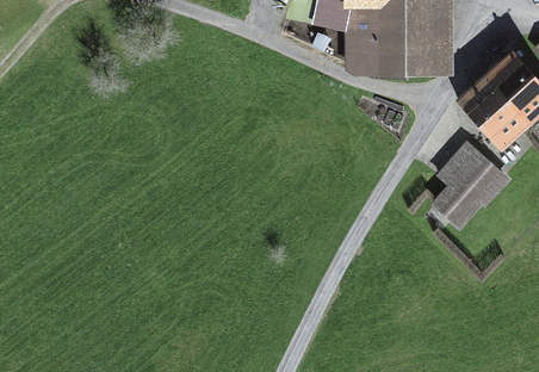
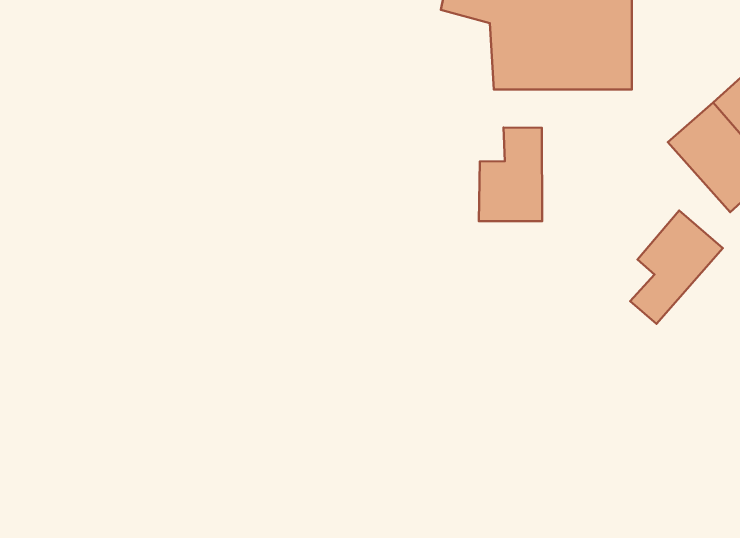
building: none -> [479,128,542,221]

